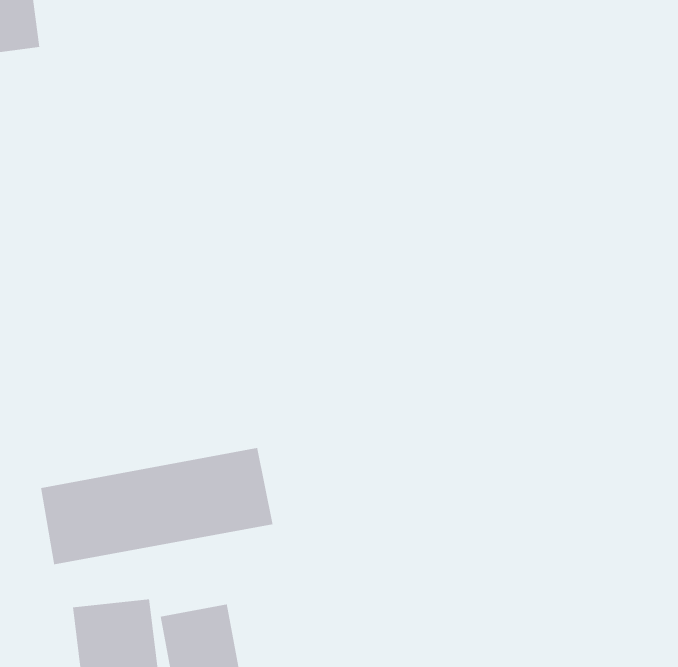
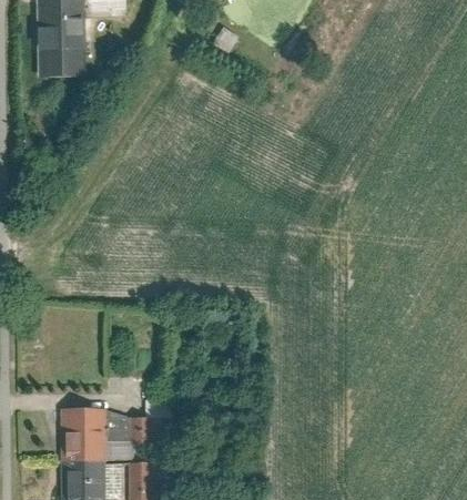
building: [40,447,273,565] -> none

